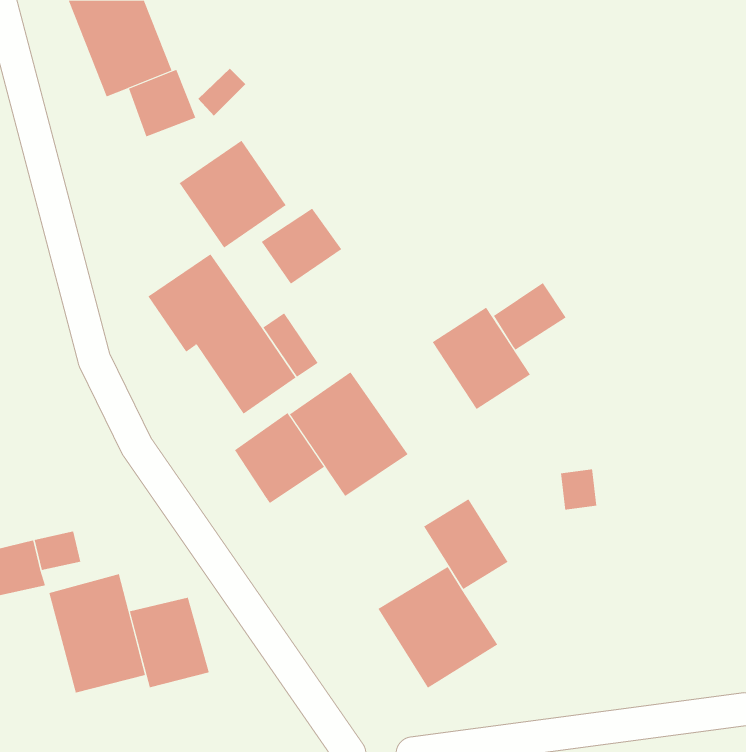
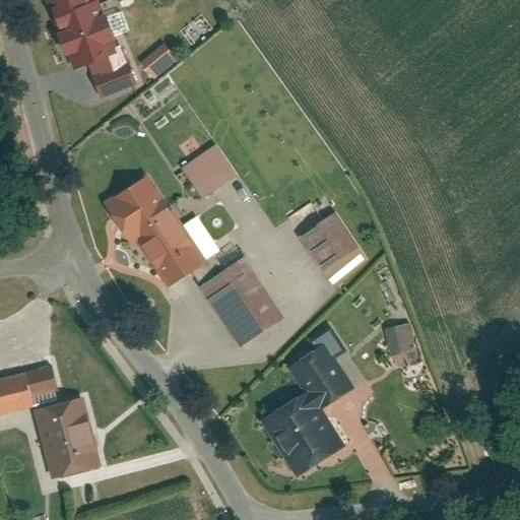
building: [179,140,287,248] -> none
building: [493,282,566,351] -> none
building: [234,412,325,504] -> none
building: [129,597,209,688] -> none

